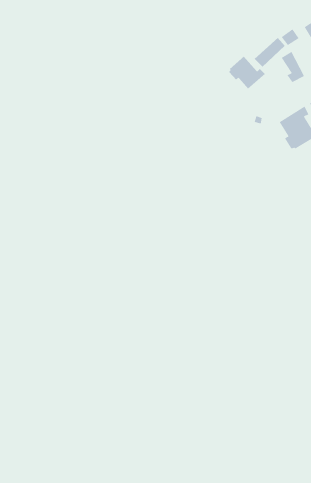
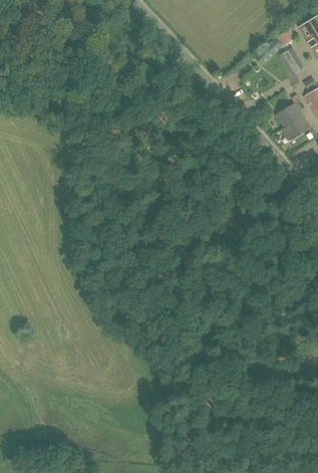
building: [229,56,266,90] -> none

